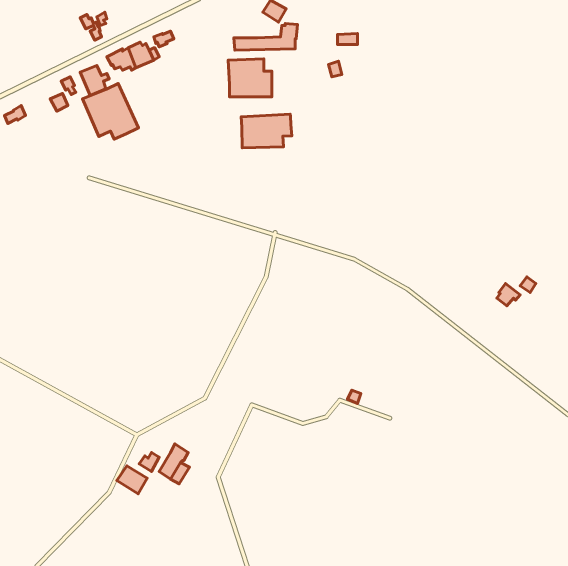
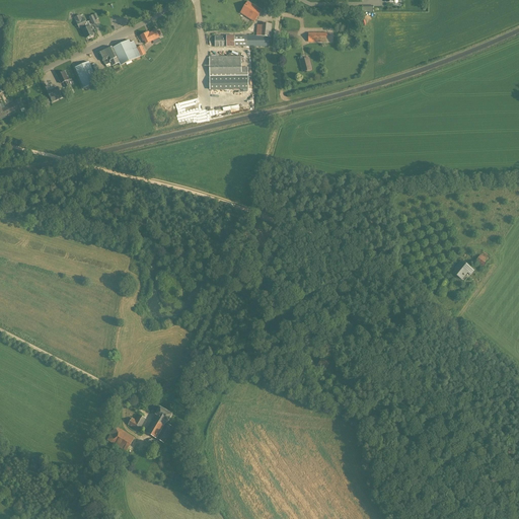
building: [82,84,139,139] -> none
building: [241,114,292,148] -> none

